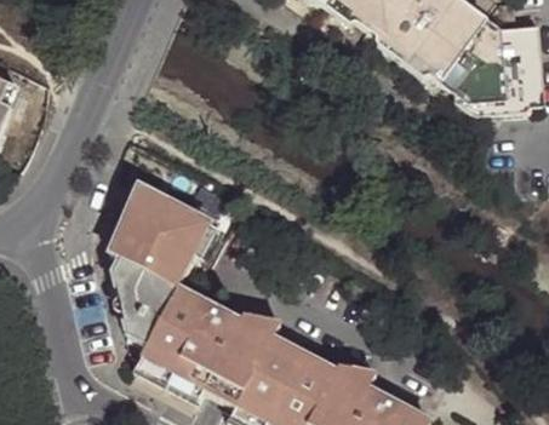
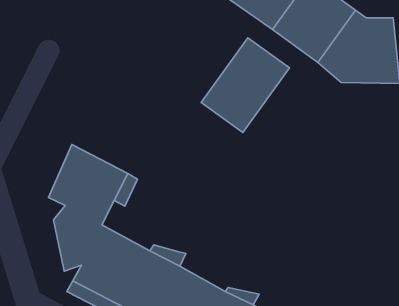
building: none -> [201,38,290,133]

